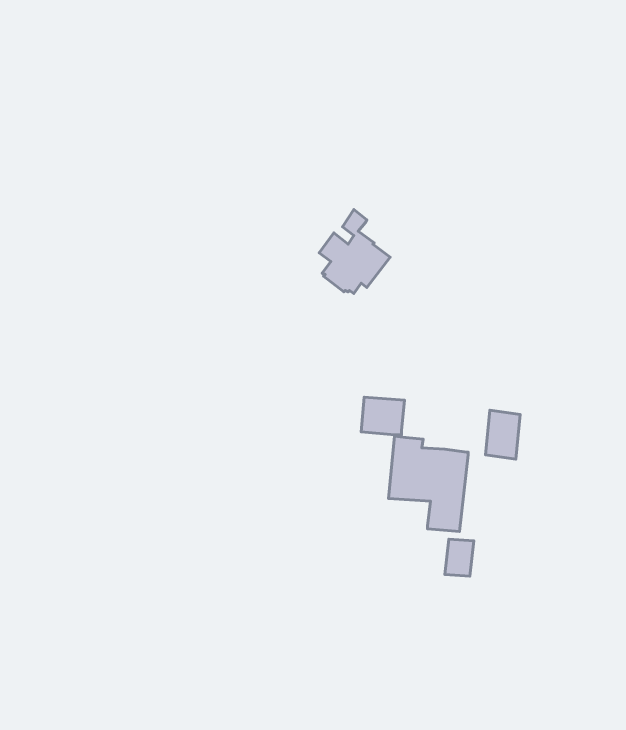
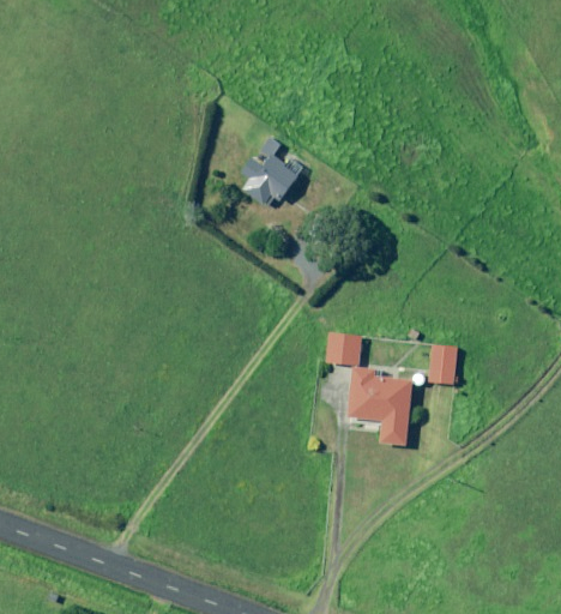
building: [319,210,390,293] -> [240,136,298,205]
building: [445,539,474,576] -> none

